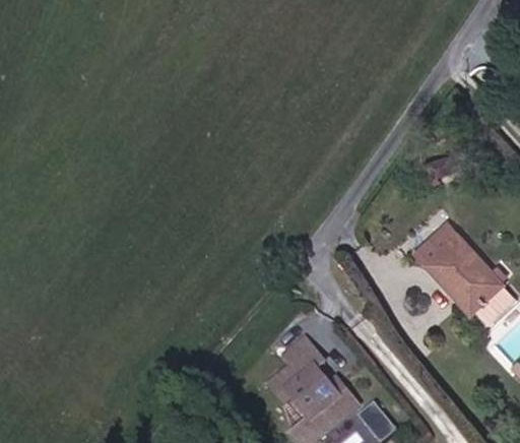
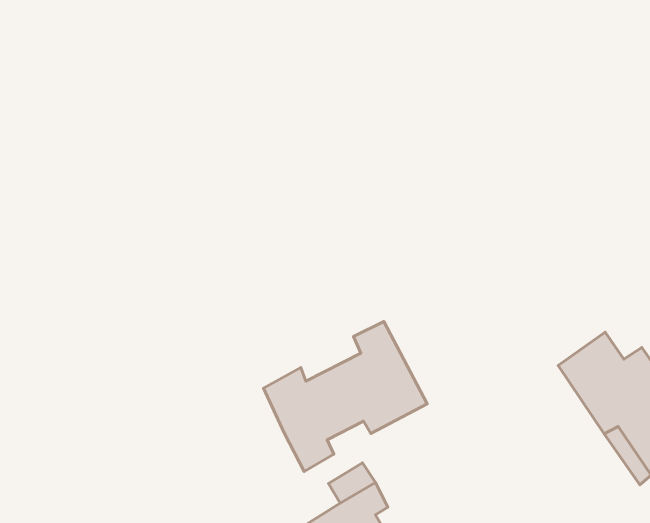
building: none -> [264,322,427,471]

